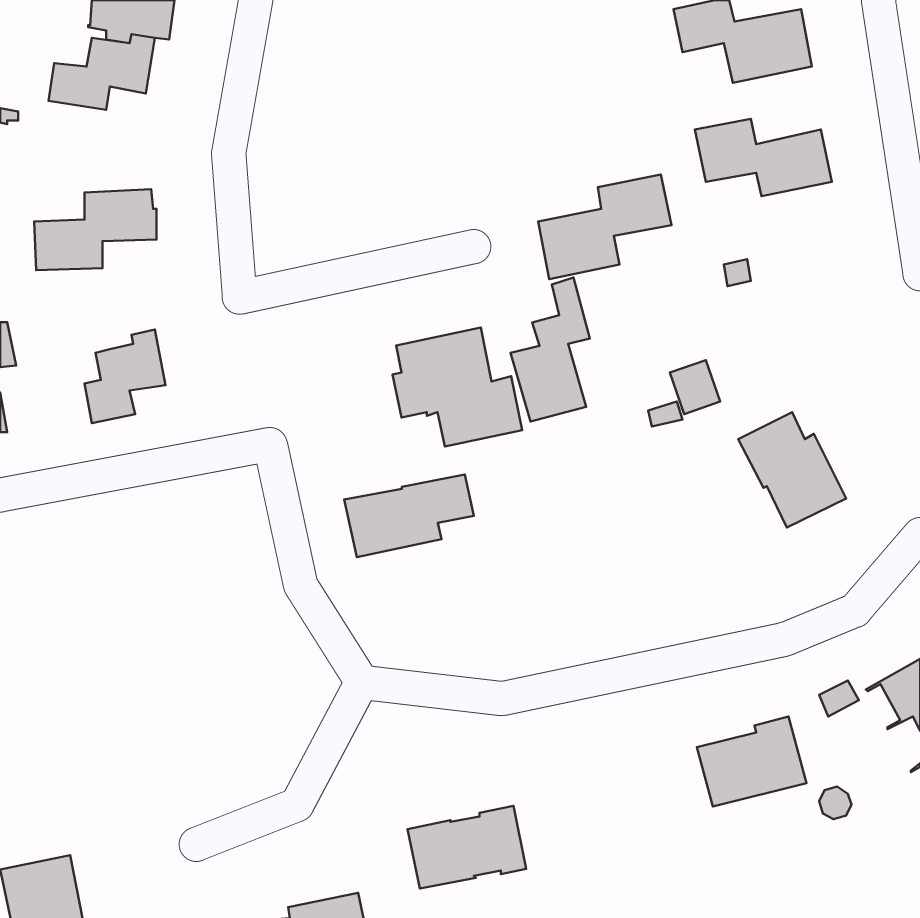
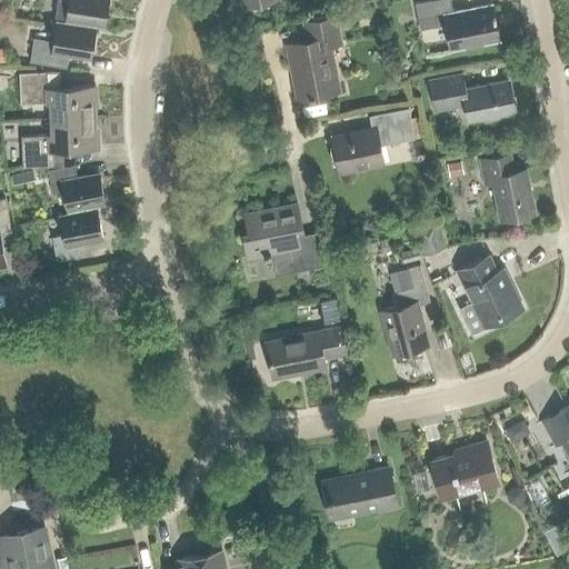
building: none -> [284,18,341,99]
building: none -> [19,72,96,120]
building: none -> [481,156,533,220]
building: none -> [48,167,104,217]
building: [511,277,590,421] -> [381,266,430,355]
building: [344,474,474,557] -> [266,328,346,379]
building: [407,806,526,888] -> [322,468,396,519]

